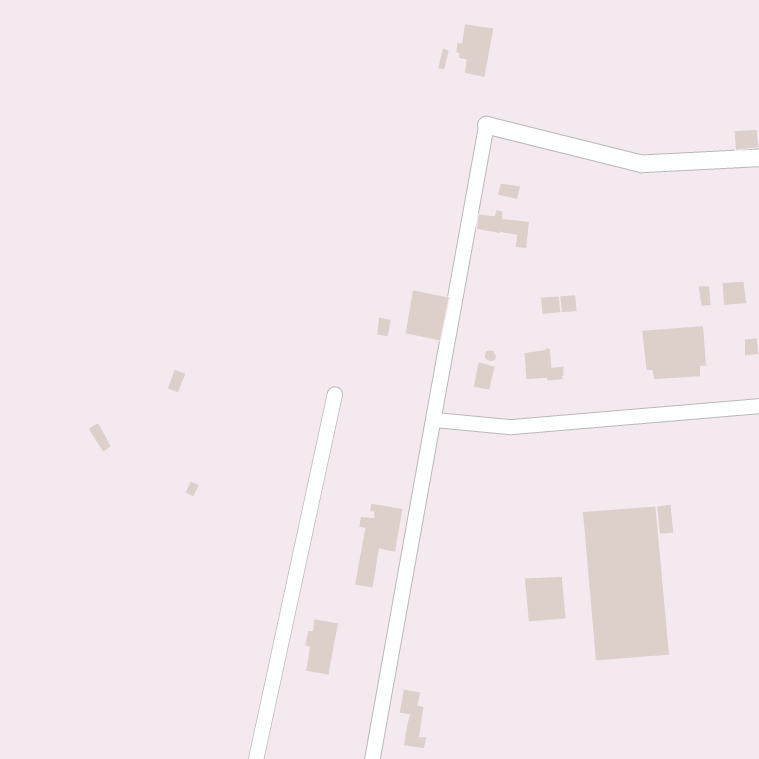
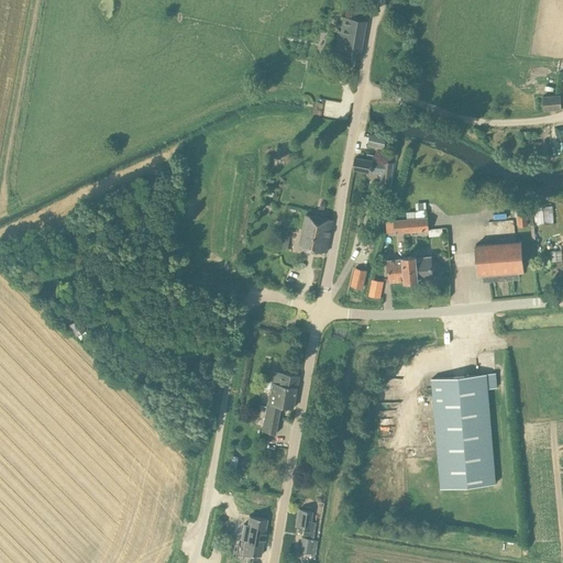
building: none -> [407,254,431,279]
building: [525,576,566,622] -> none
building: [305,619,339,675] -> [244,514,269,555]

